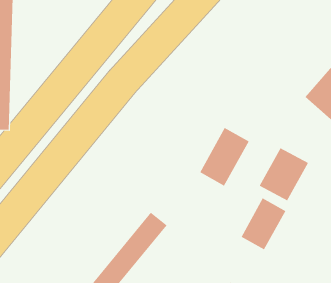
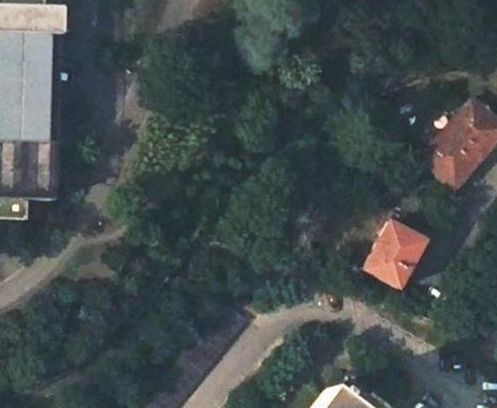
building: [200,127,249,186] -> none
building: [241,198,286,250] -> none

